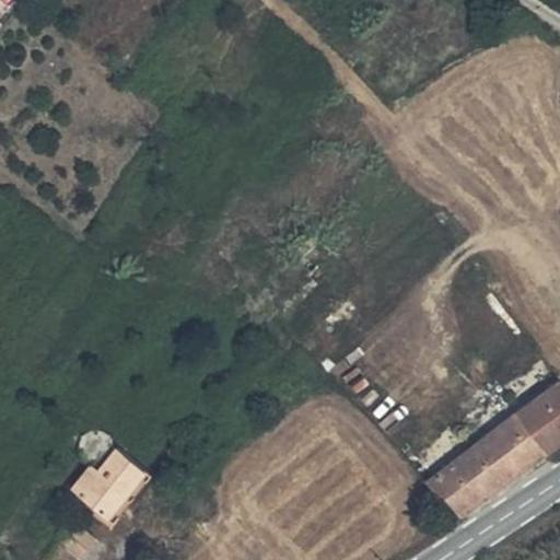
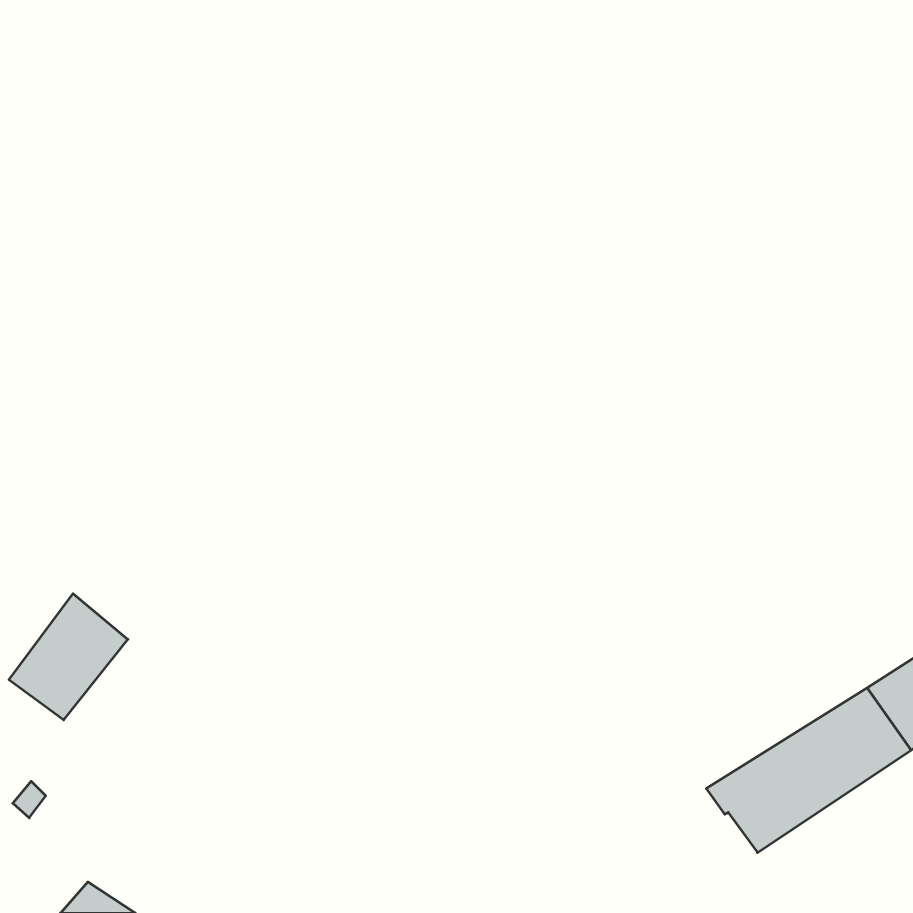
building: [69,444,140,520] -> [9,594,128,720]

